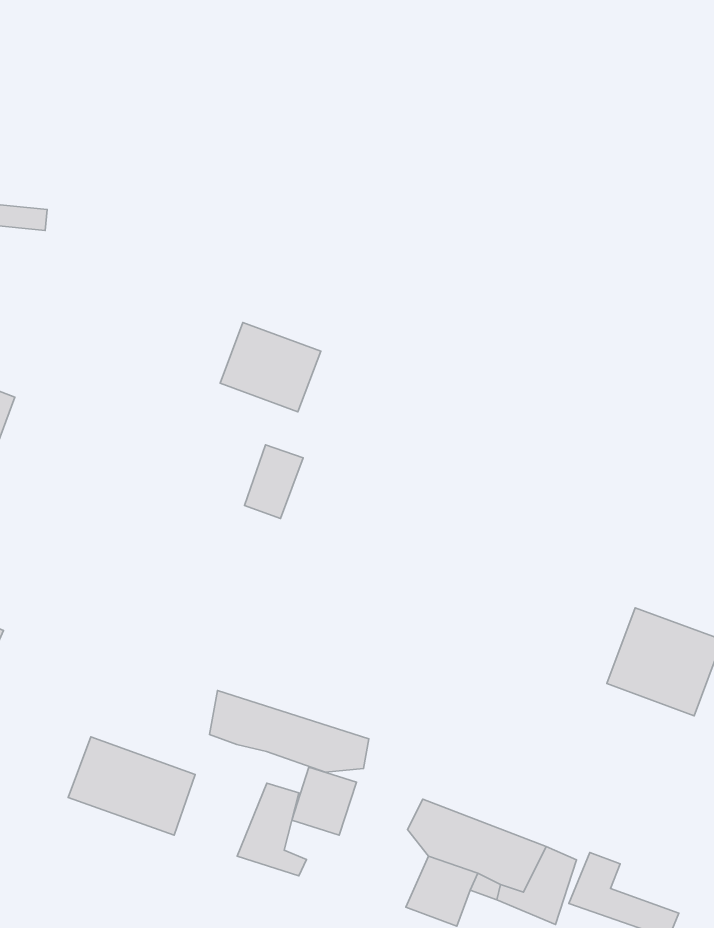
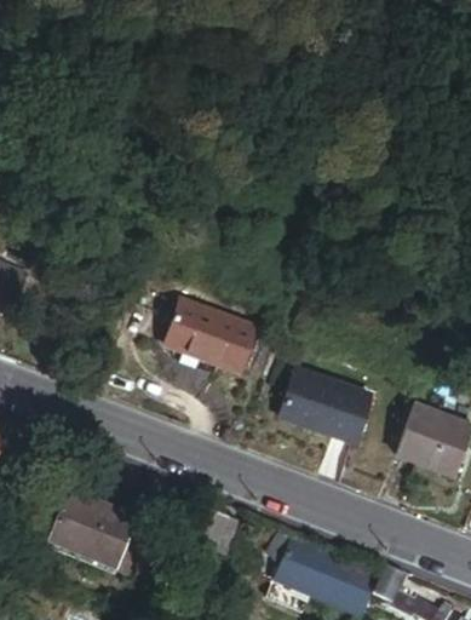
building: [220,323,321,412] -> [188,312,252,369]
building: none -> [281,375,375,449]
building: [210,690,369,772] -> none
building: [237,783,307,876] -> none

